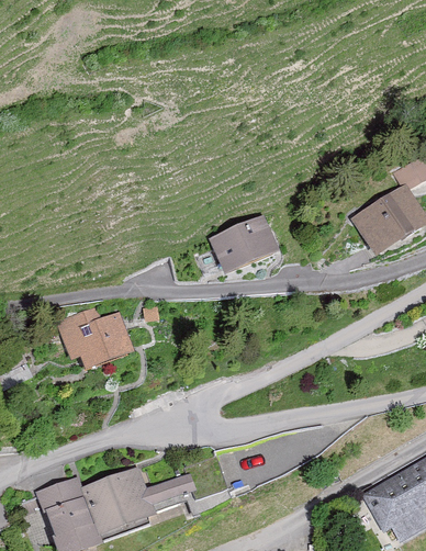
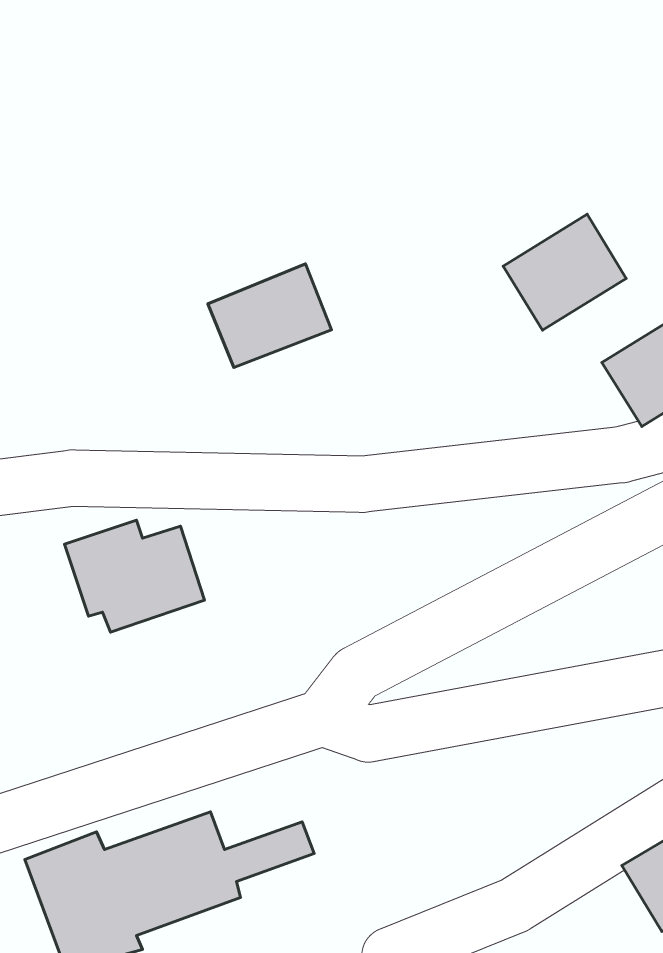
building: none -> [503,214,626,330]
building: [210,217,278,274] -> [208,264,332,368]

